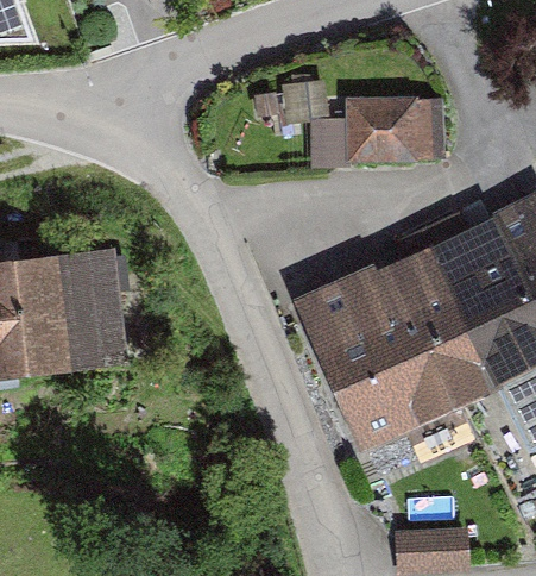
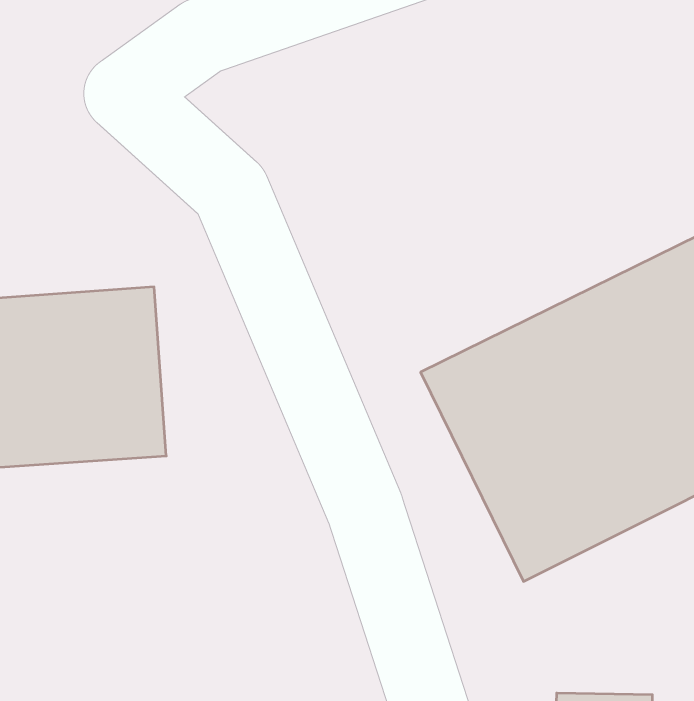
building: [342,98,428,161] -> none

